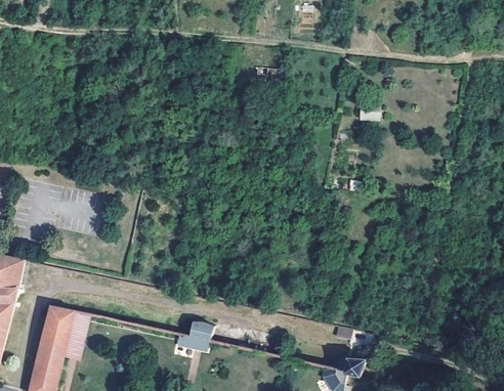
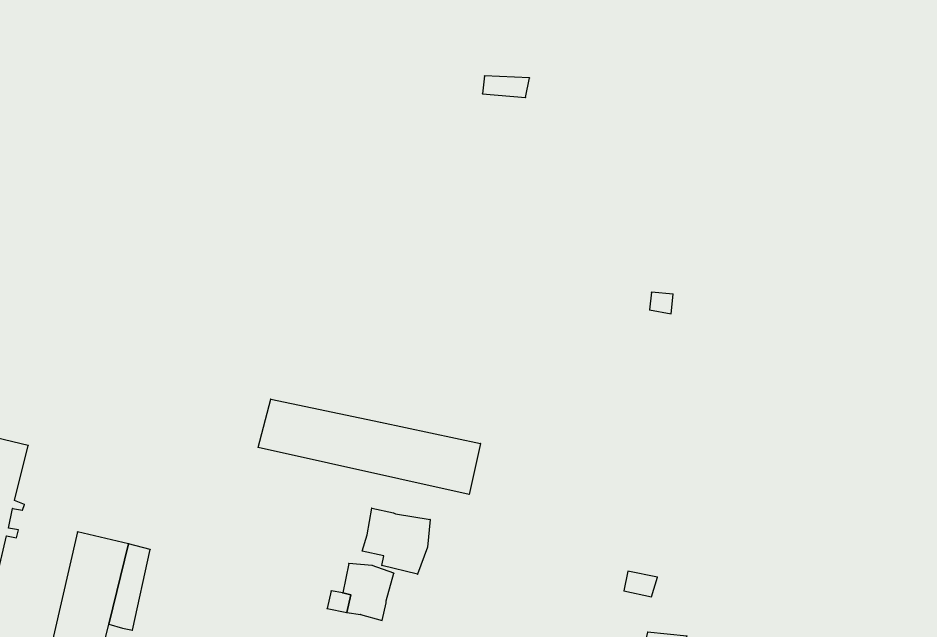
building: none -> [258,399,480,494]
building: none -> [362,508,430,574]

